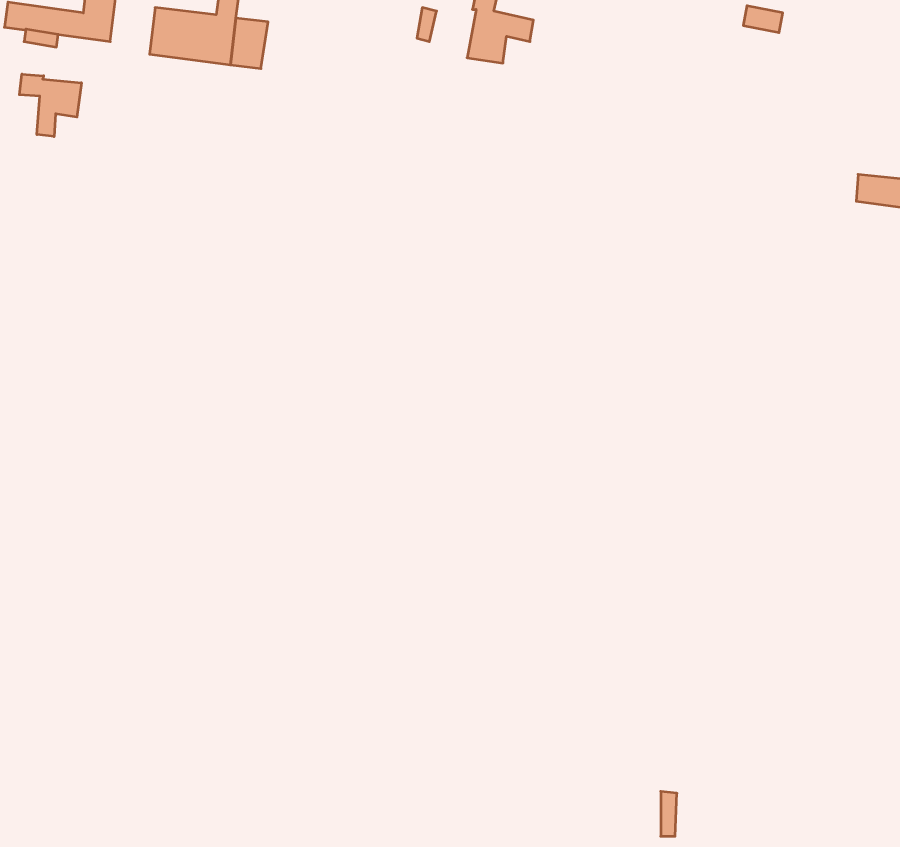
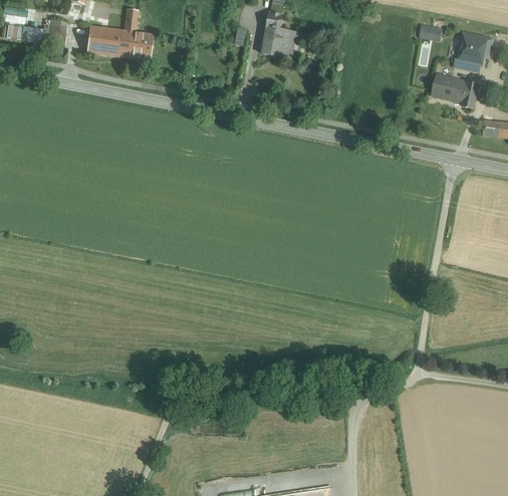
building: none -> [454,32,493,66]
building: [19,74,81,137] -> none
building: none -> [431,72,478,107]

